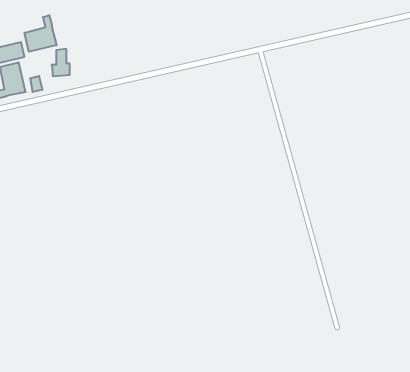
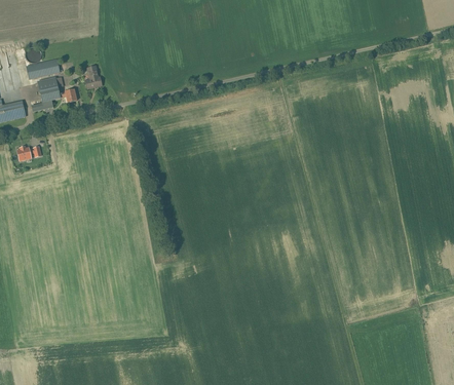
building: [25,15,57,52] -> none

